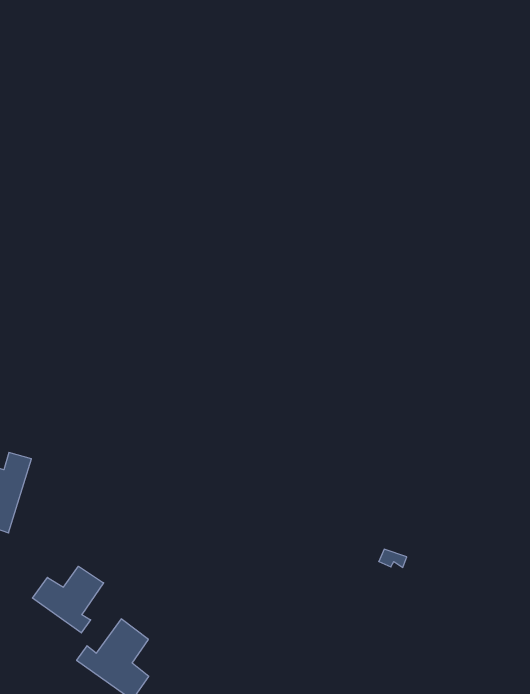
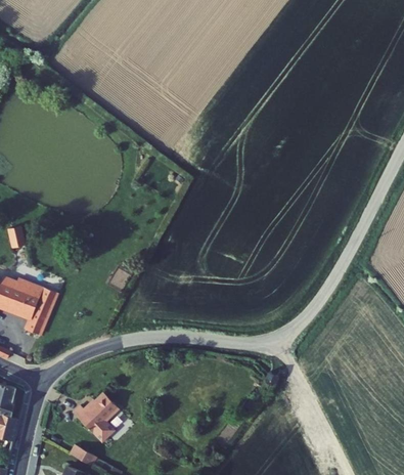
building: [32,566,104,633] -> none

